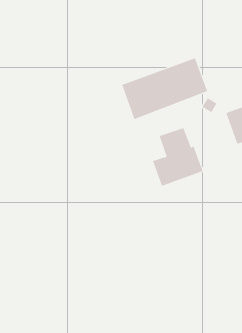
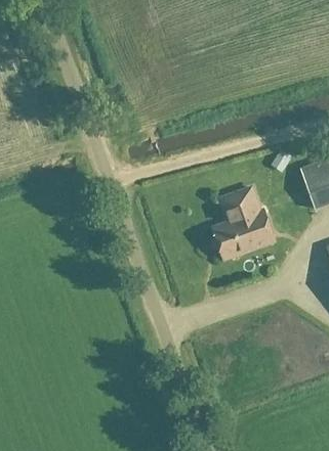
building: [121,57,208,120] -> none

